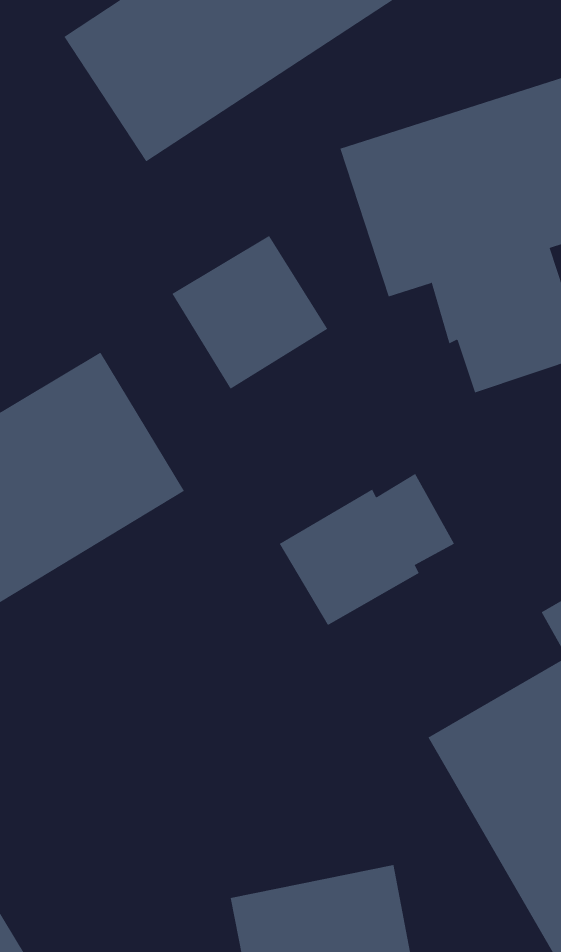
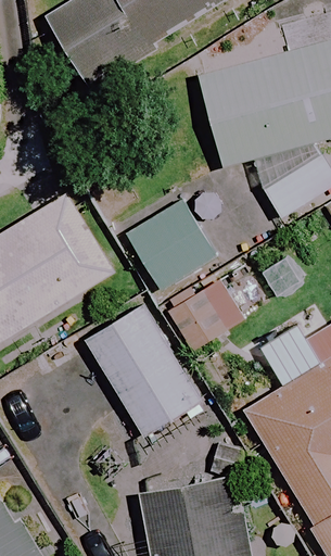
building: [172,235,328,390] -> [128,203,215,289]
building: none -> [86,305,201,435]

